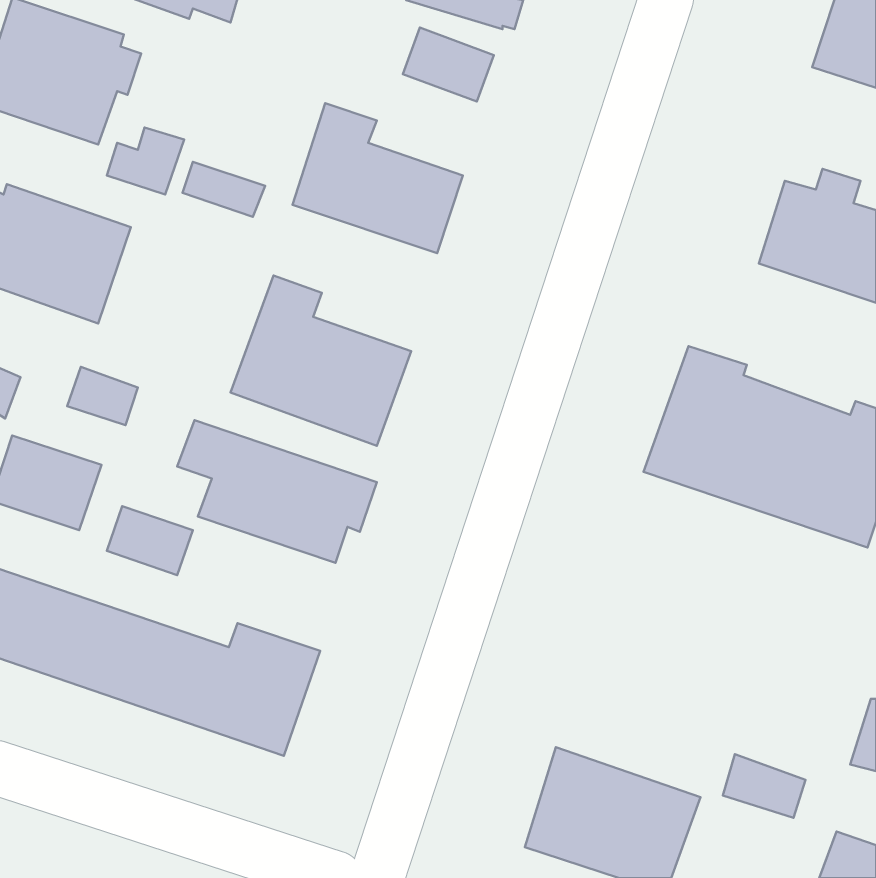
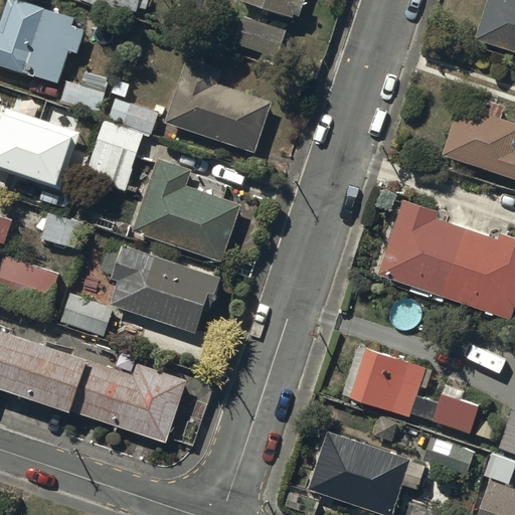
building: none -> [85,118,142,185]
building: none -> [341,343,475,430]

